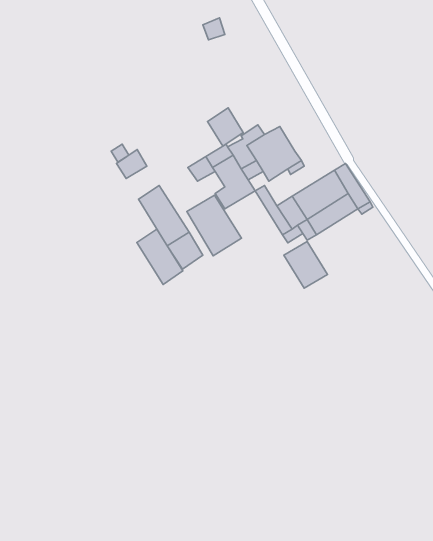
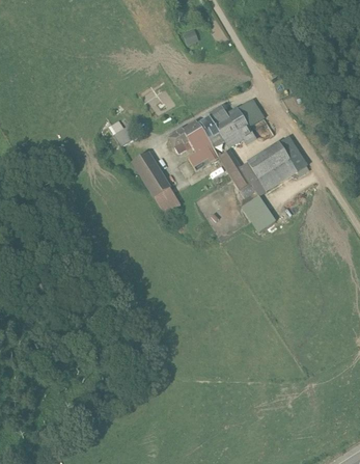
building: [208,108,243,146] -> [238,97,265,126]
building: [187,195,242,256] -> none
building: [137,229,183,284] -> none

